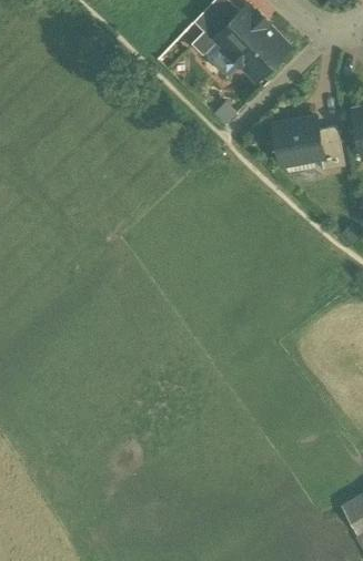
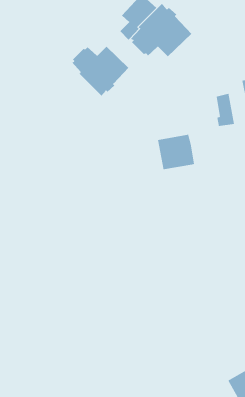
building: none -> [71,46,129,96]
building: [276,118,326,165] -> [157,134,195,170]

